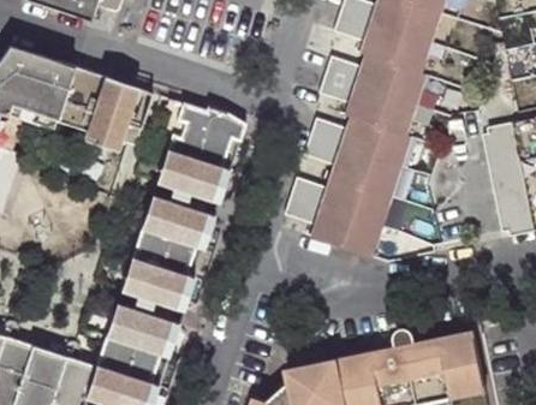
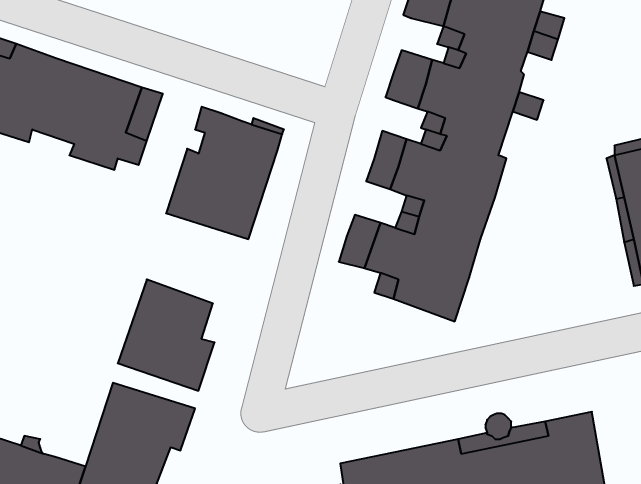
building: [142,195,213,248] -> none

